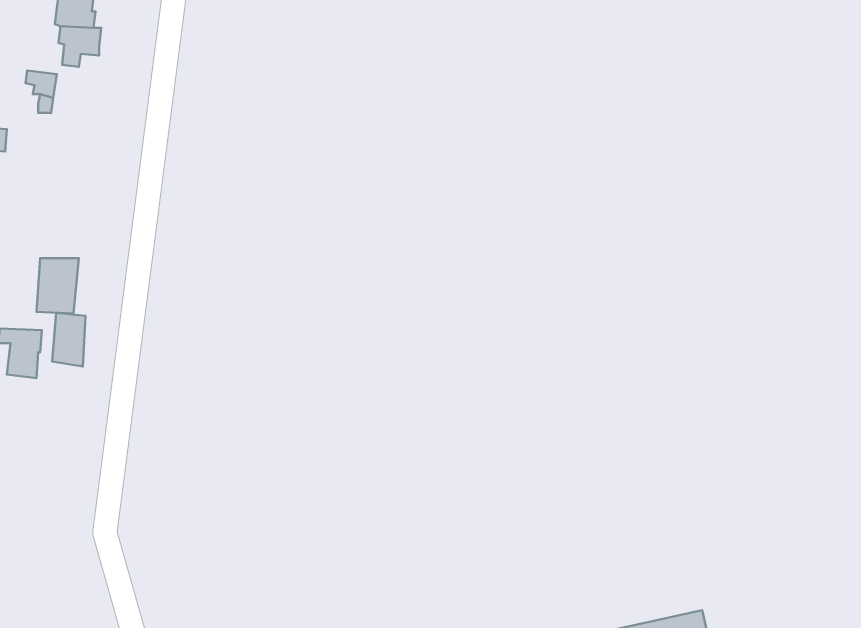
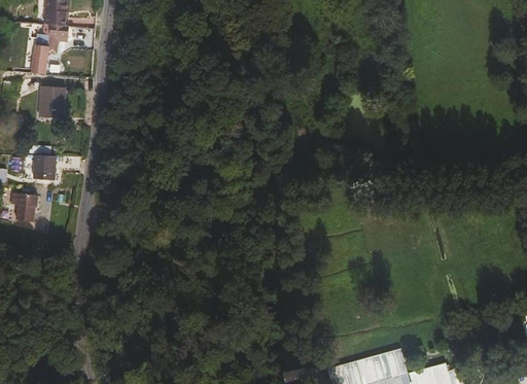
building: none -> [38,86,64,117]
building: [52,313,86,366] -> none

